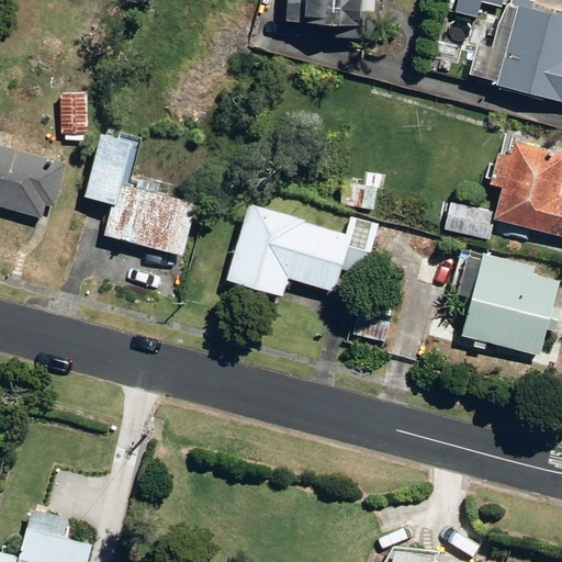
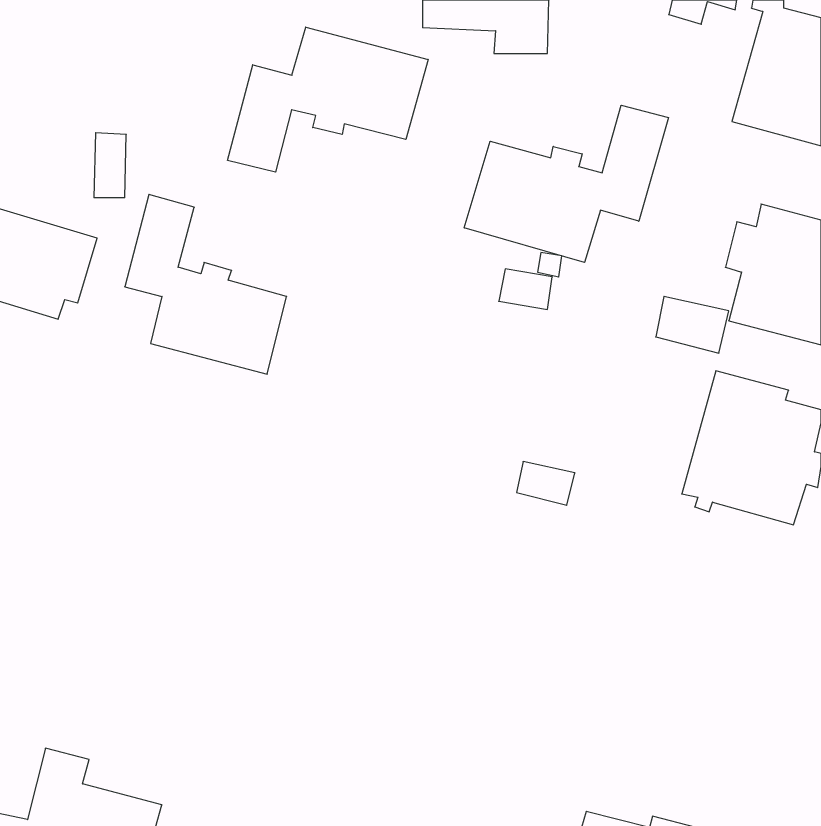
building: none -> [228,27,428,172]
building: none -> [464,105,669,262]
building: [227,204,376,295] -> none

